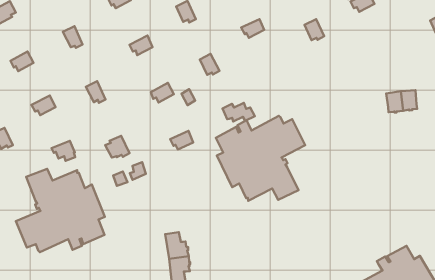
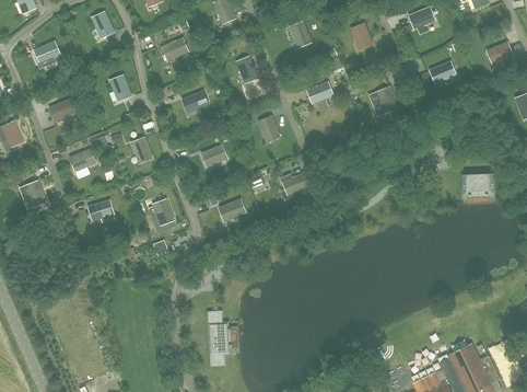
building: [216,116,305,201] -> none
building: [16,169,105,252] -> none

